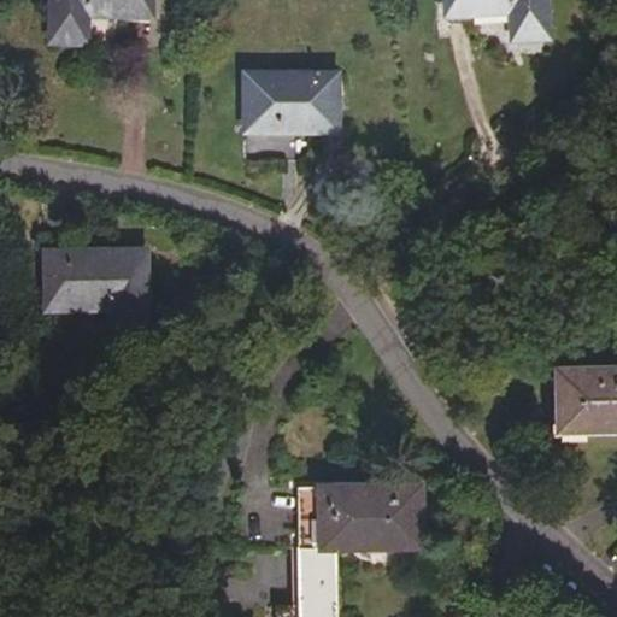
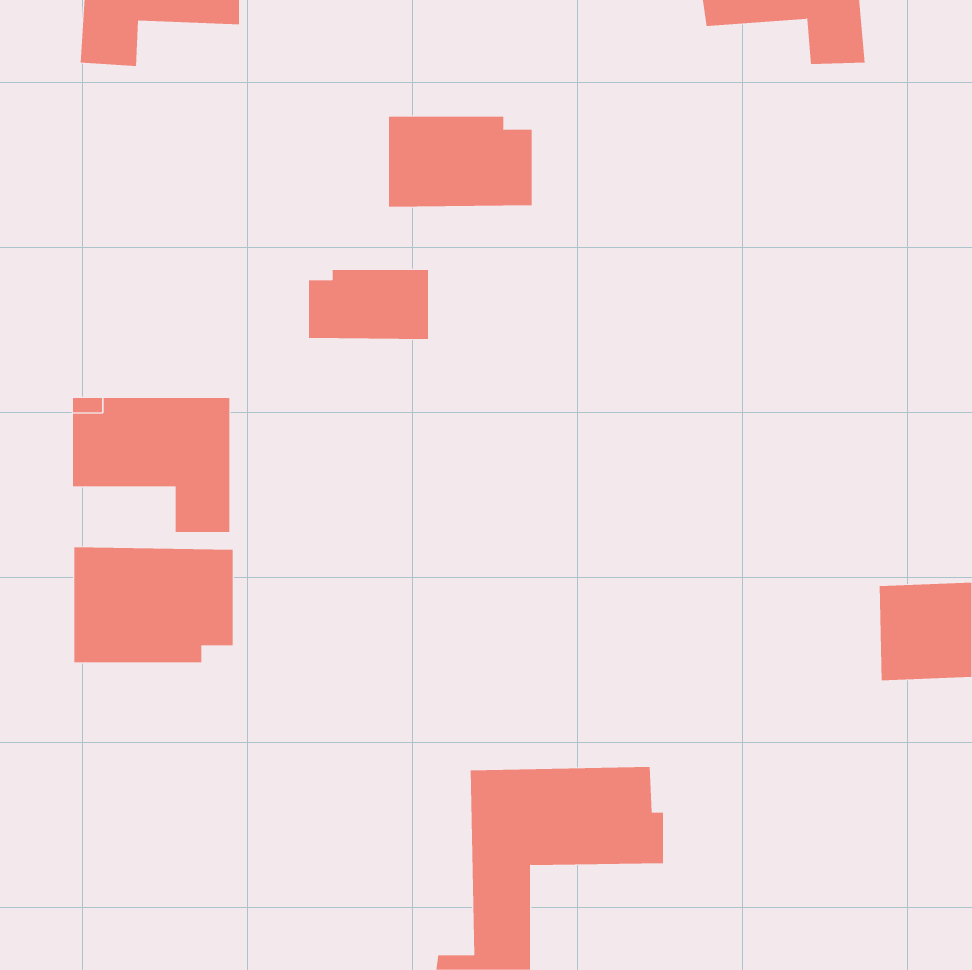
building: none -> [308,269,428,340]
building: none -> [74,547,233,663]

